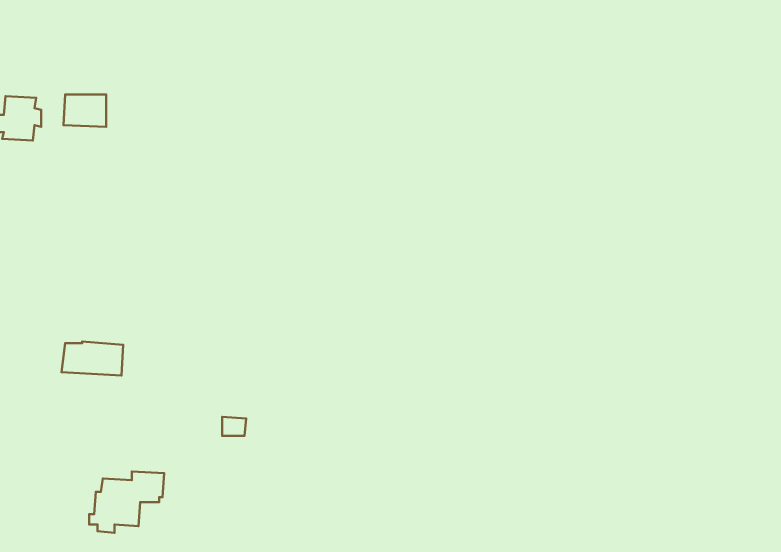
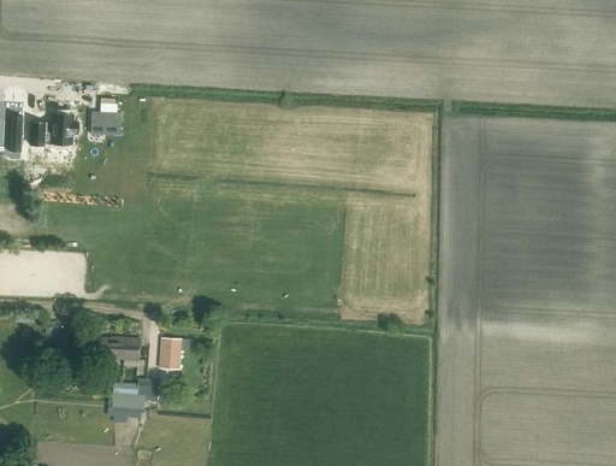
building: [62,342,123,376] -> [96,336,140,360]
building: none -> [159,338,188,368]

